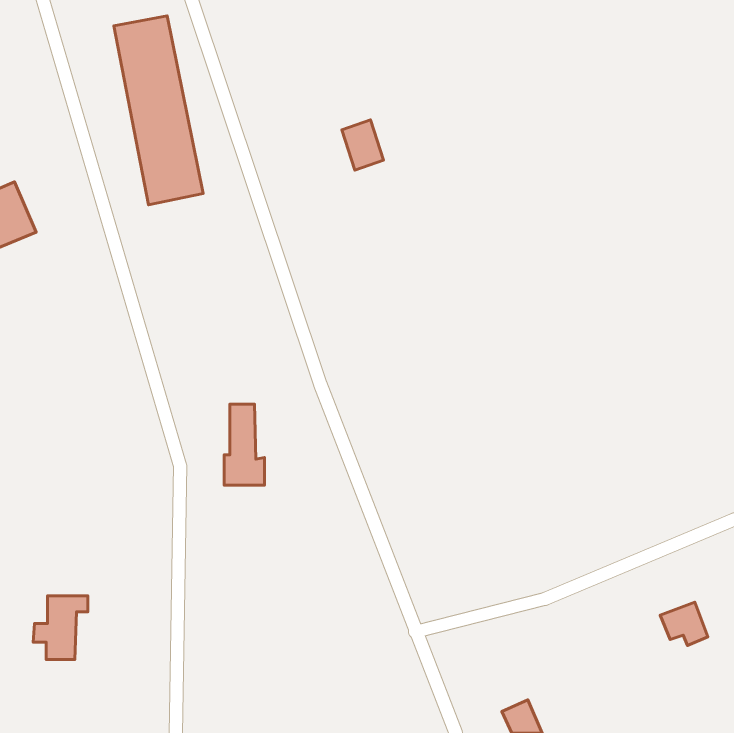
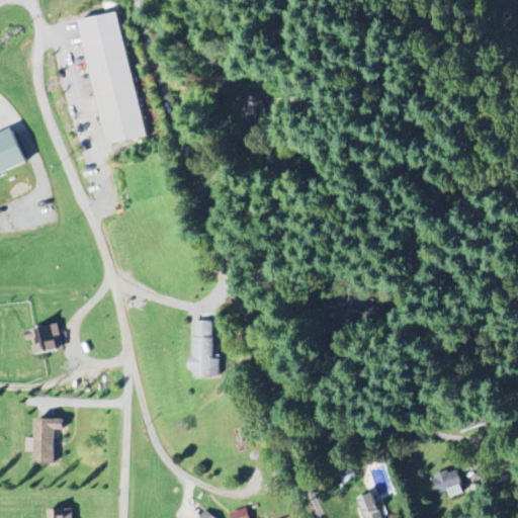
building: [224,404,265,485] -> [189,320,218,376]
building: none -> [26,323,62,354]
building: [660,602,708,645] -> [430,466,463,497]

